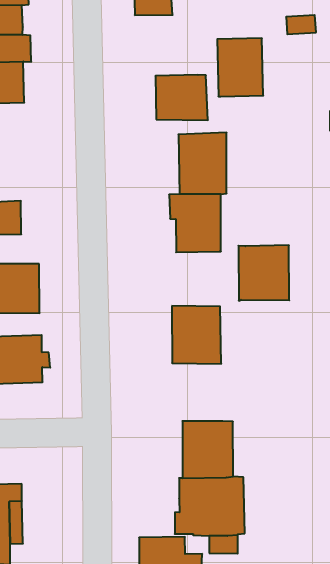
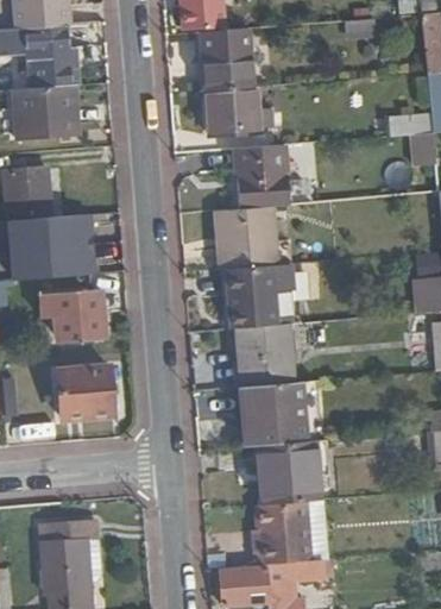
building: [217,38,263,97] -> [202,26,253,89]
building: [238,245,289,301] -> [234,268,290,328]
building: none -> [244,384,300,447]

